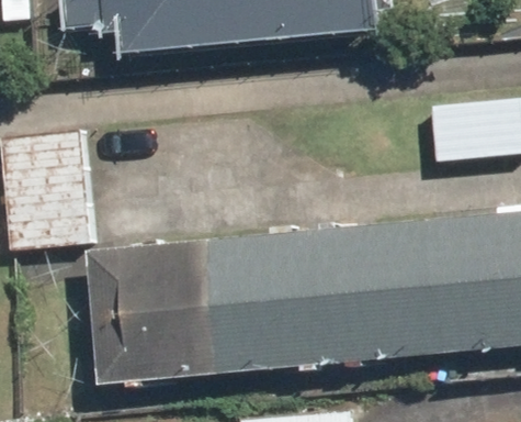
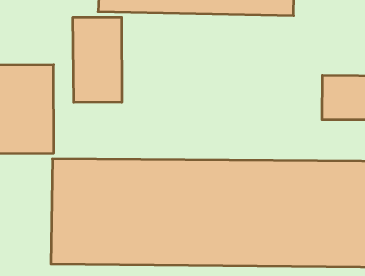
building: none -> [73,17,122,102]

